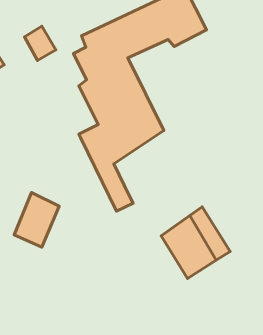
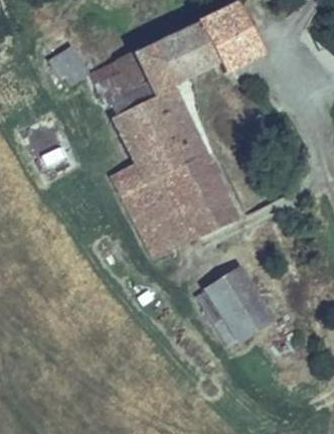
building: none -> [151,170,231,246]
building: [14,192,59,247] -> none

